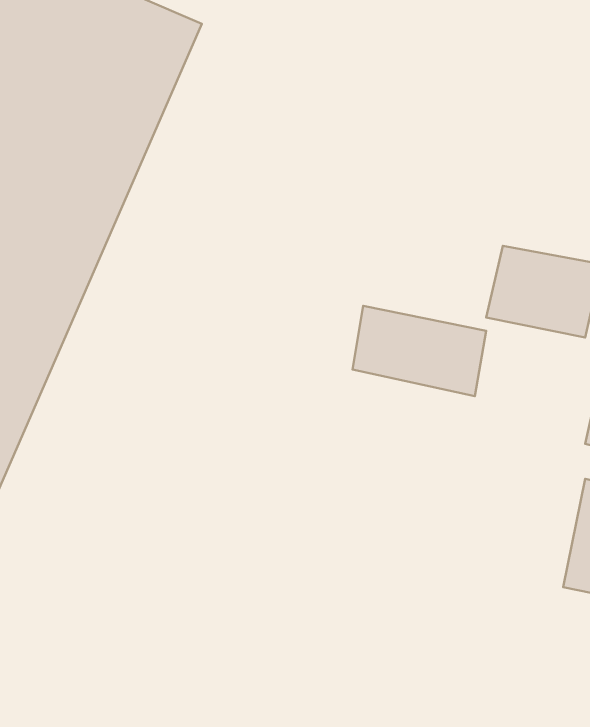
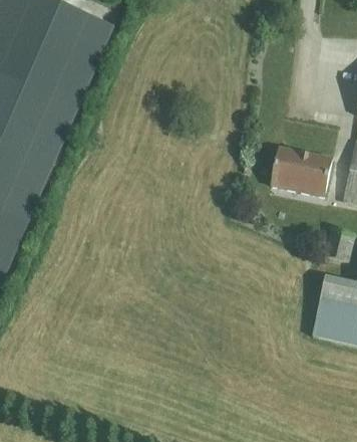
building: [353,306,486,396] -> none

